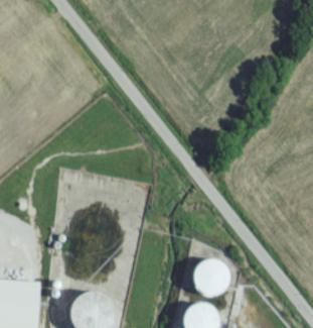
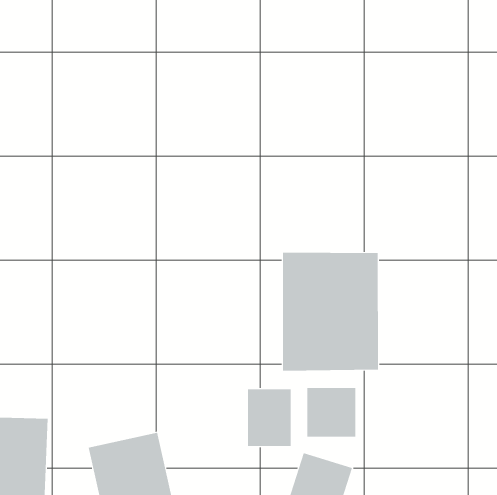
building: none -> [283,252,378,371]
building: none -> [247,388,291,447]

